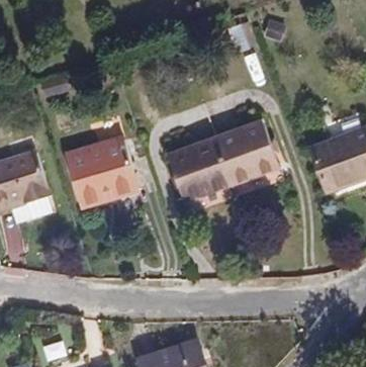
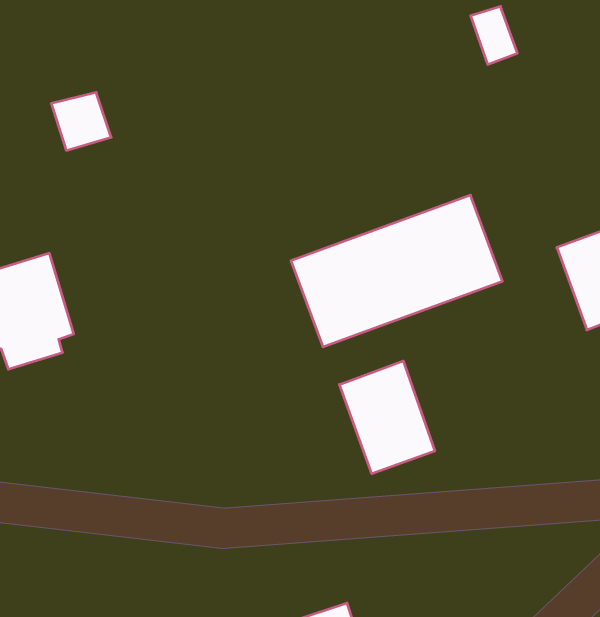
building: [65,137,140,208] -> none
building: none -> [339,361,435,474]

